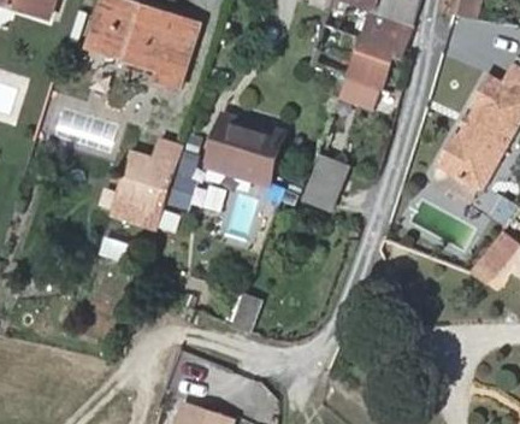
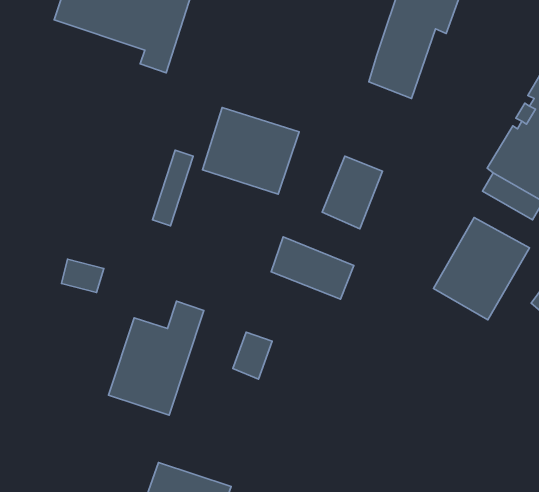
building: [110,139,185,229] -> [108,301,204,415]
building: none -> [433,217,530,320]
building: none -> [271,237,354,299]

